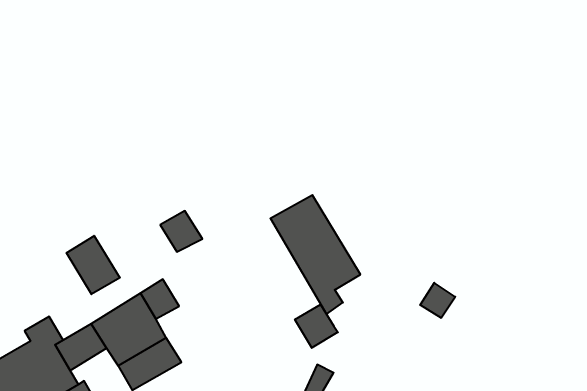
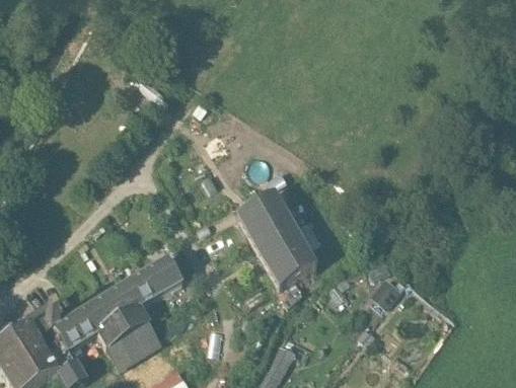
building: [160,211,202,252] -> [146,256,182,292]
building: [67,236,120,294] -> none
building: [295,305,338,348] -> none

